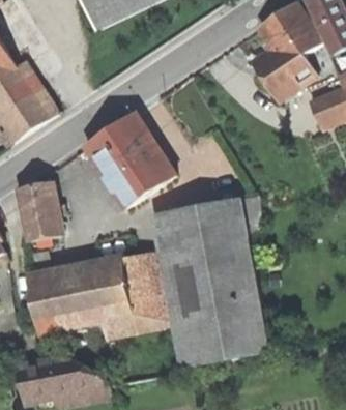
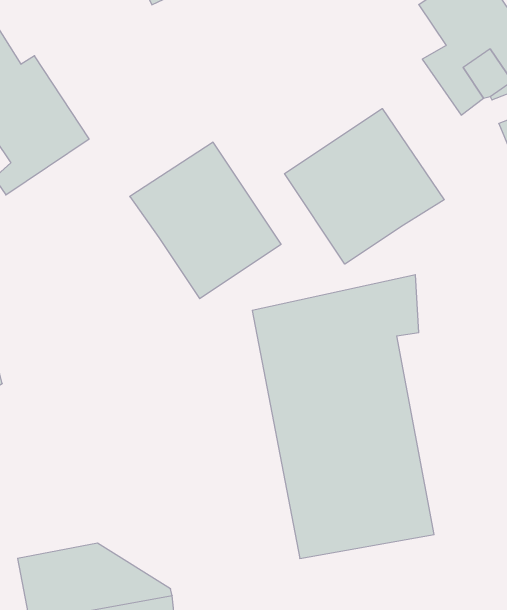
building: none -> [285,109,444,264]
building: [19,181,61,241] -> none
building: [28,254,173,335] -> none

